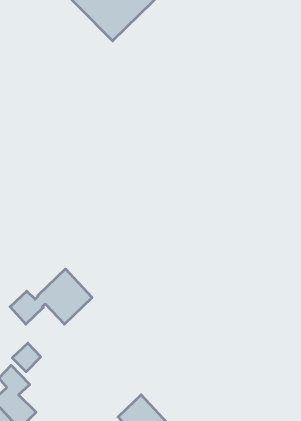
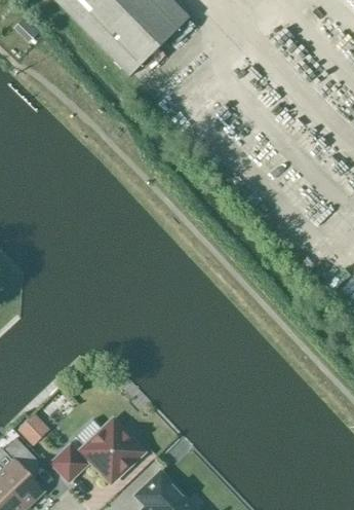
building: [10,269,92,324] -> [51,420,143,481]

